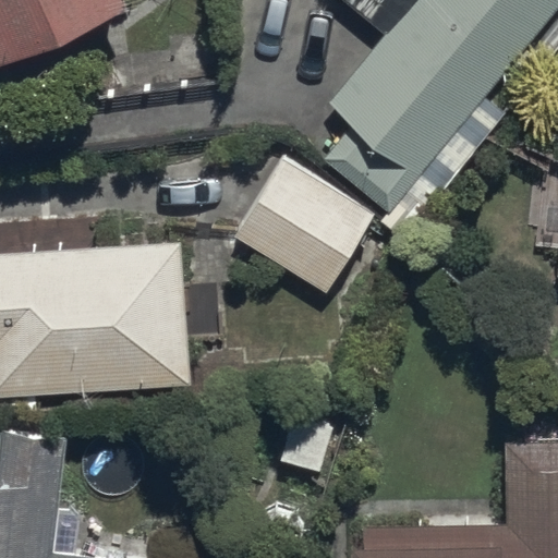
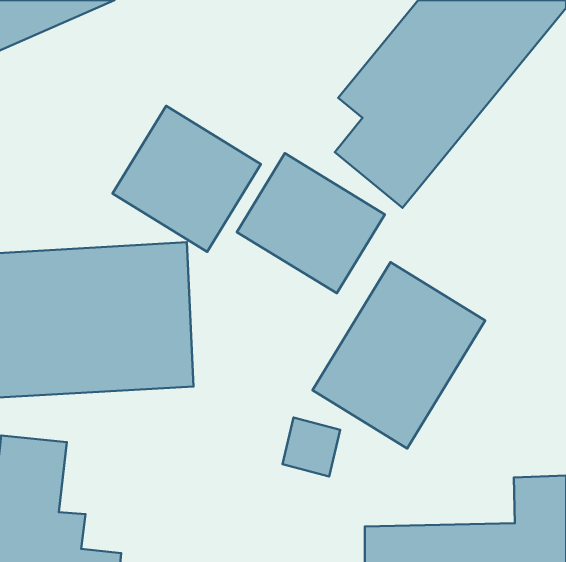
building: none -> [112,106,261,252]
building: none -> [312,262,485,448]

